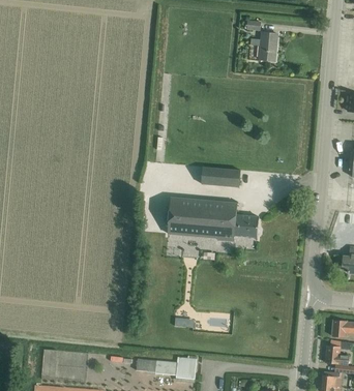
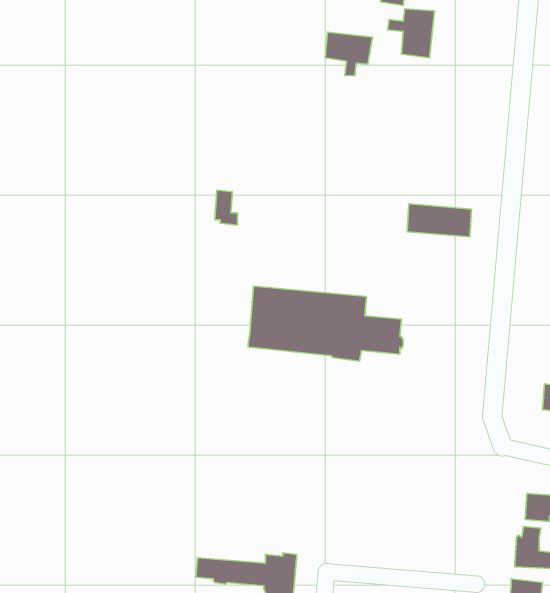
building: none -> [325,32,372,76]
building: [202,167,240,186] -> [407,204,472,237]

